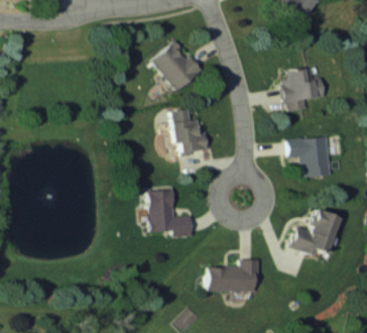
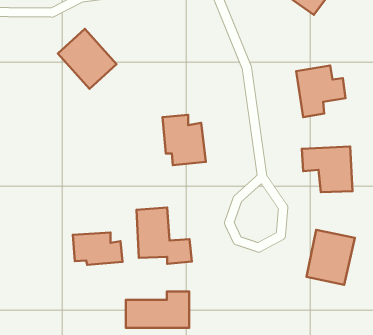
building: [151,39,202,91] -> [58,29,117,89]
building: none -> [73,232,122,265]
building: [204,259,258,291] -> [126,292,189,328]

